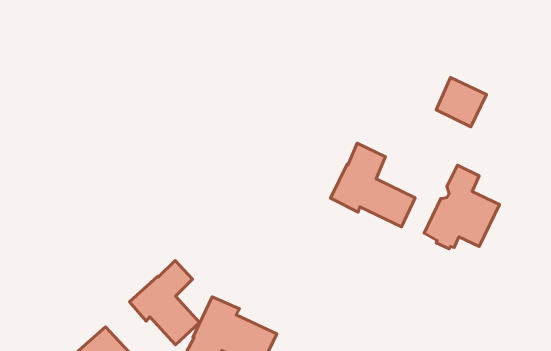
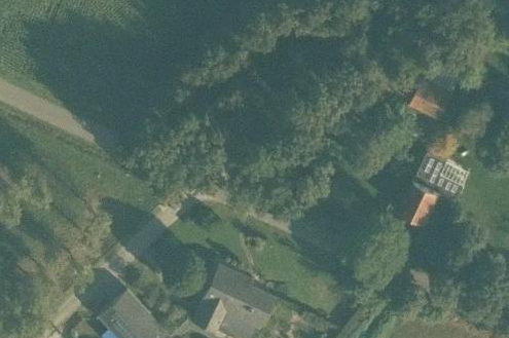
building: [331,143,415,227] -> none
building: [130,260,199,345] -> none

